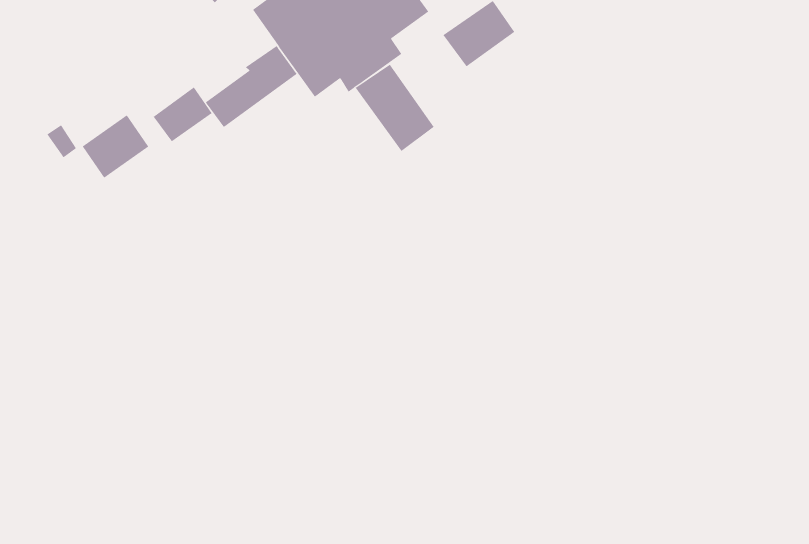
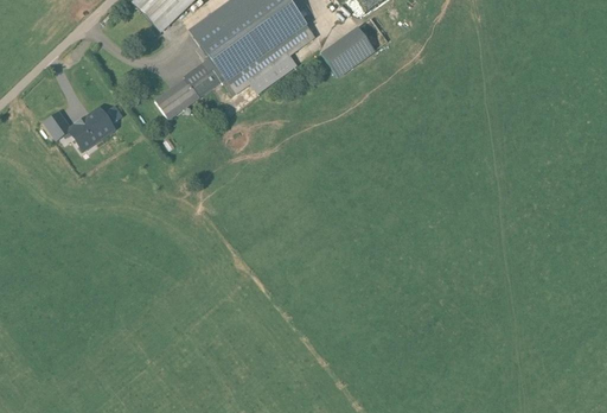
building: [355,64,434,152] -> none
building: [153,86,213,142] -> none

